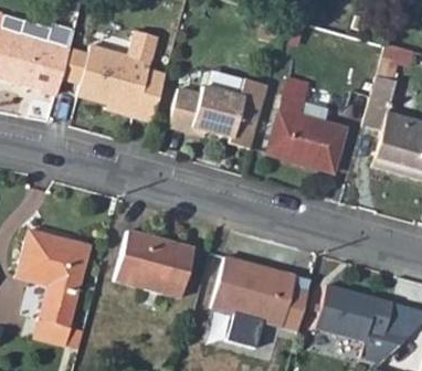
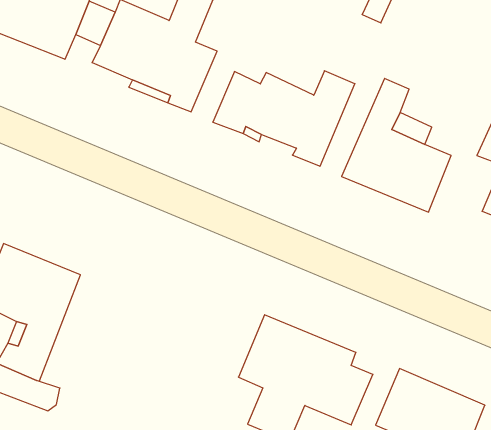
building: [116,232,194,299] -> none

